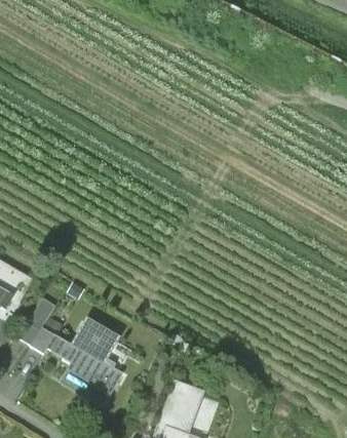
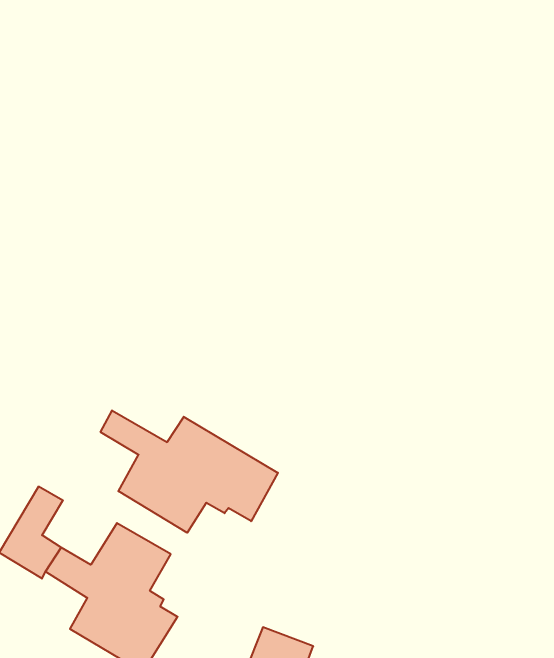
building: none -> [101,410,278,533]

